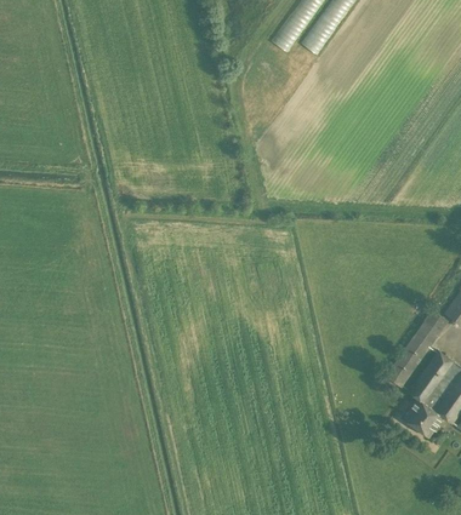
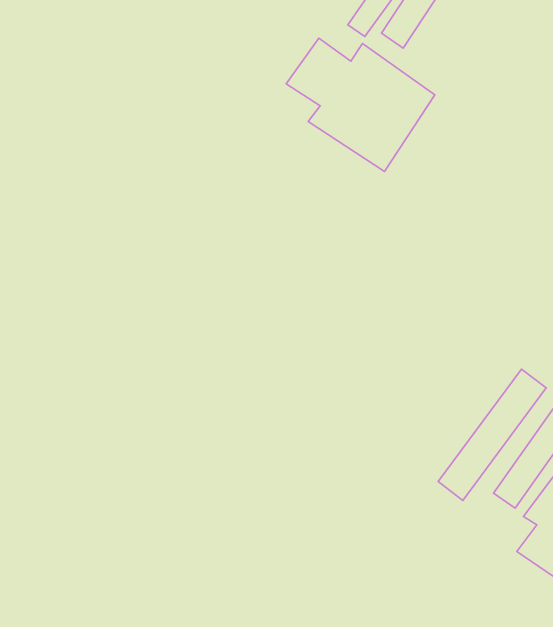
building: none -> [286,38,435,171]
building: none -> [438,369,546,500]

